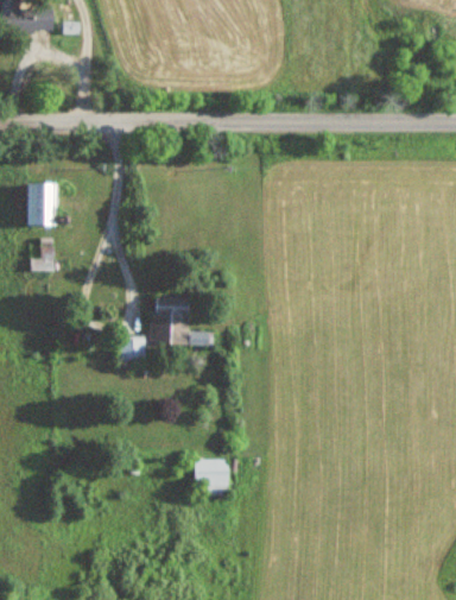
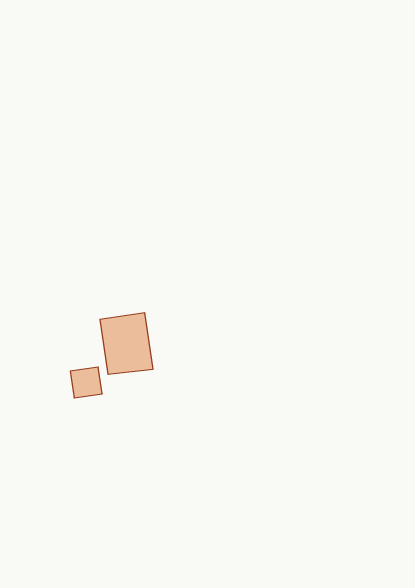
building: [195,459,230,492] -> none

